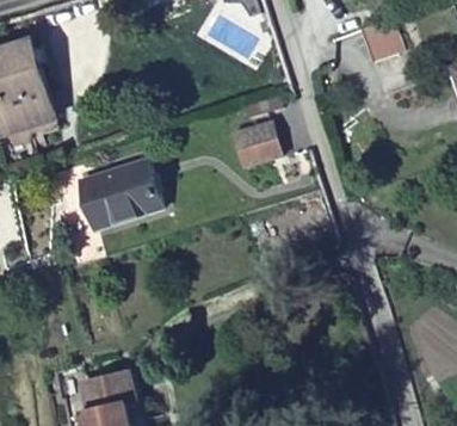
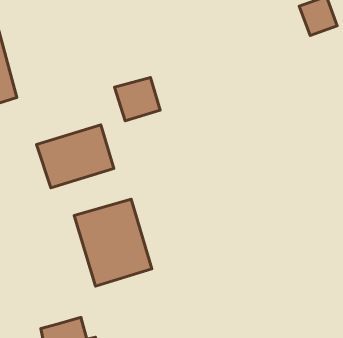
building: [231,121,282,168] -> [114,77,160,121]
building: none -> [74,199,152,286]

